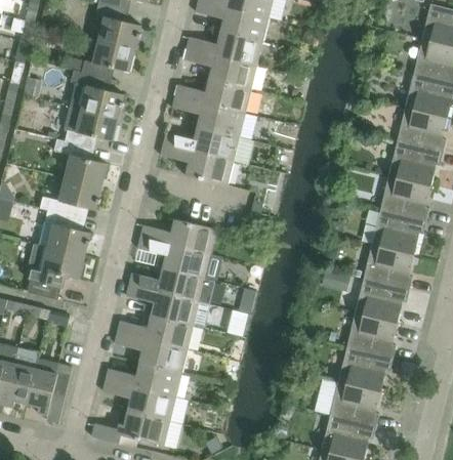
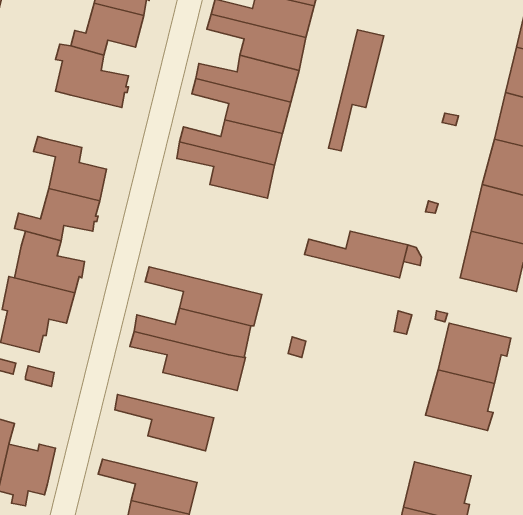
building: none -> [328,30,384,151]
building: [64,107,119,148] -> none
building: [139,219,216,254] -> [305,231,408,278]
building: [363,245,413,290] -> none
building: [116,316,193,349] -> none
building: [337,347,392,392] -> none
building: [105,363,181,398] -> none

